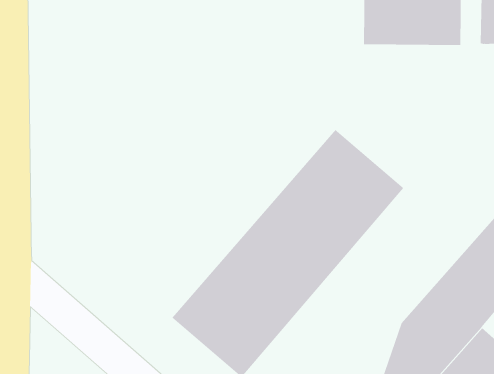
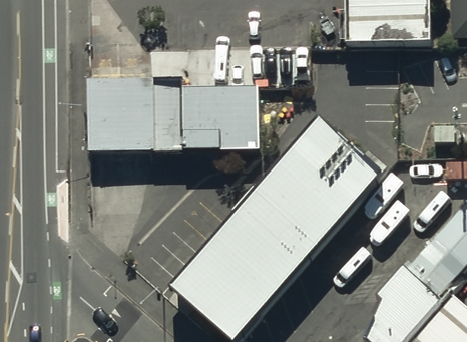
building: none -> [87,76,259,149]

